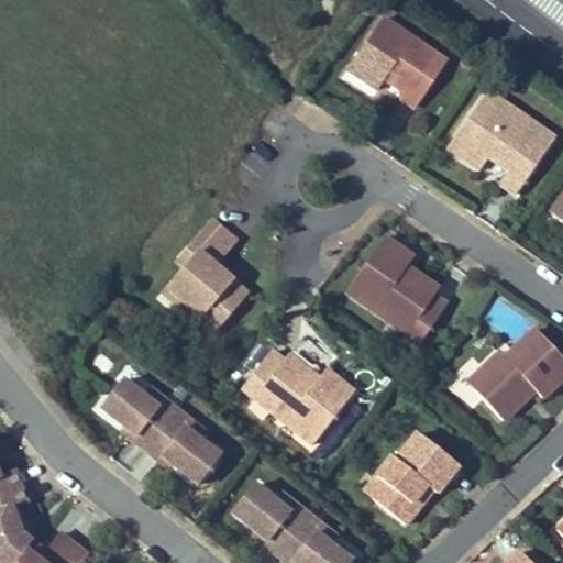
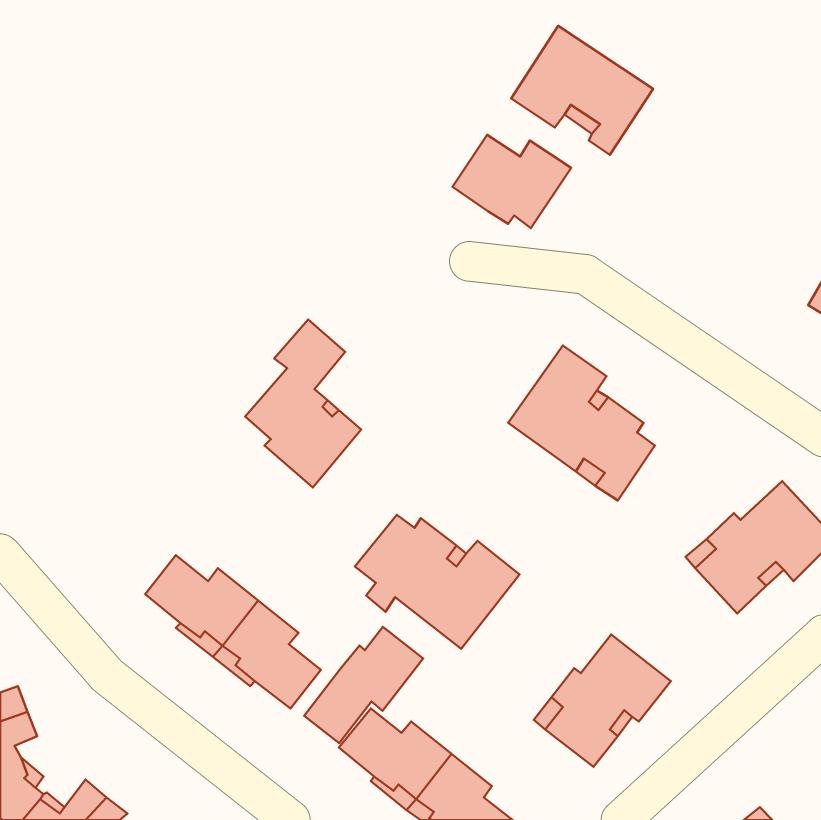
building: [451,91,556,192] -> none
building: none -> [453,135,571,228]
building: none -> [304,627,423,743]

